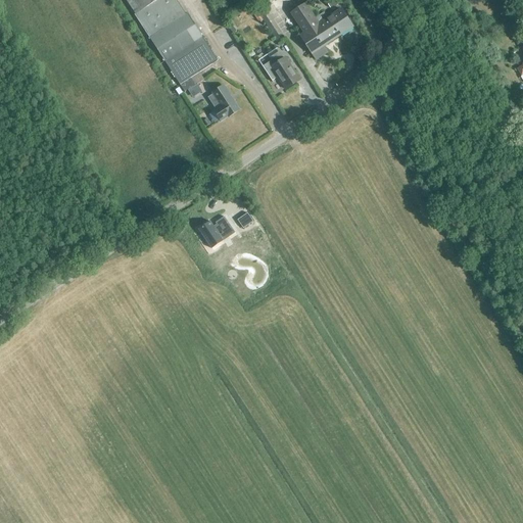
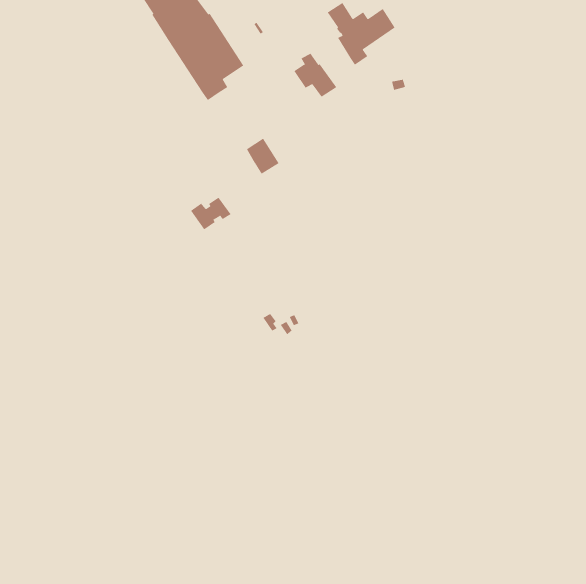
building: [208,85,238,117] -> [246,138,279,175]
building: [199,216,236,245] -> [190,197,231,230]

